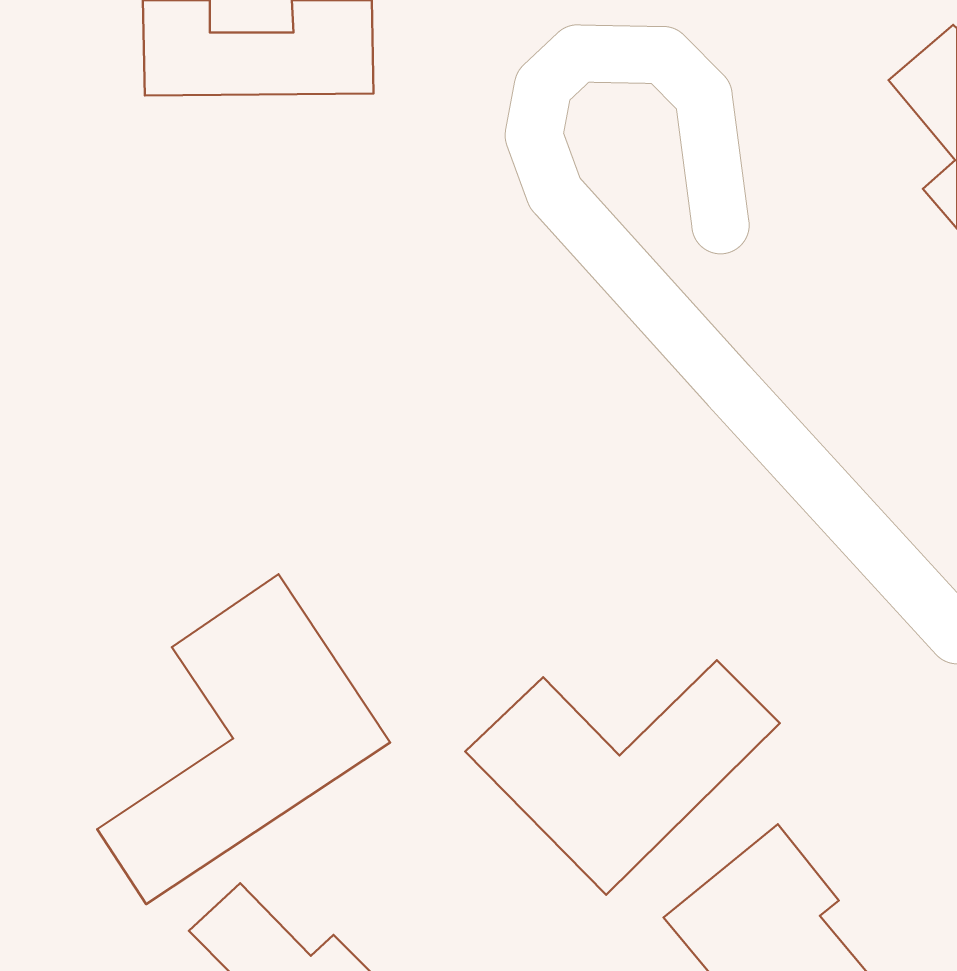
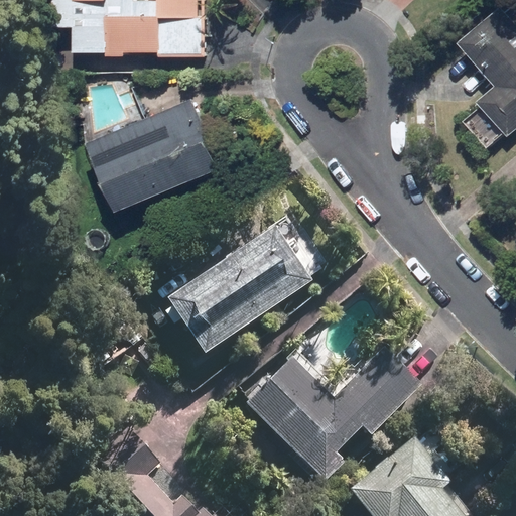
building: none -> [102,110,216,206]
building: none -> [170,232,301,346]
building: [97,574,390,904] -> none

